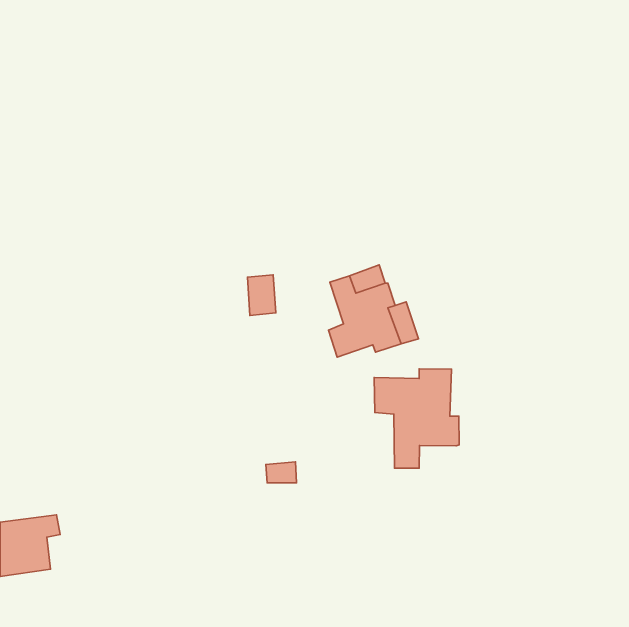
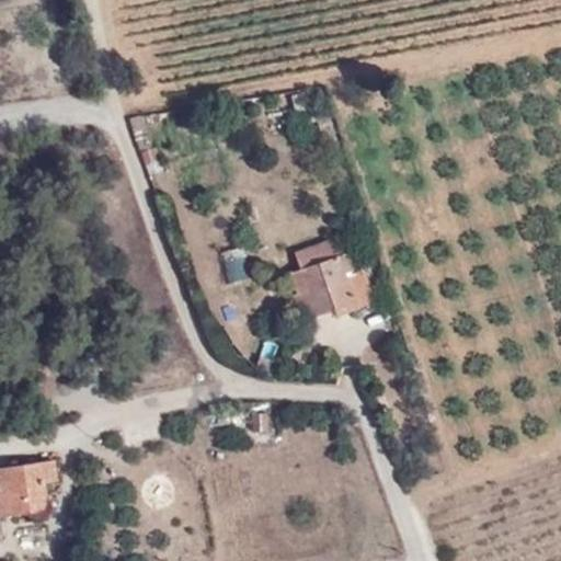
building: [374,369,459,468] -> none

